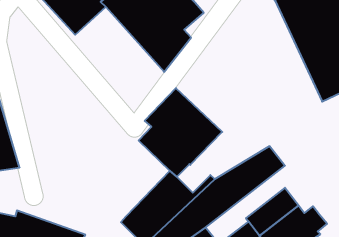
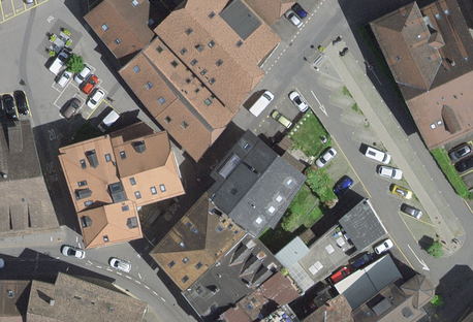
building: none -> [120,32,235,159]
building: none -> [60,133,177,247]
building: none -> [151,195,243,288]

